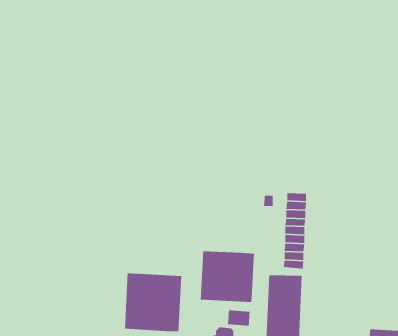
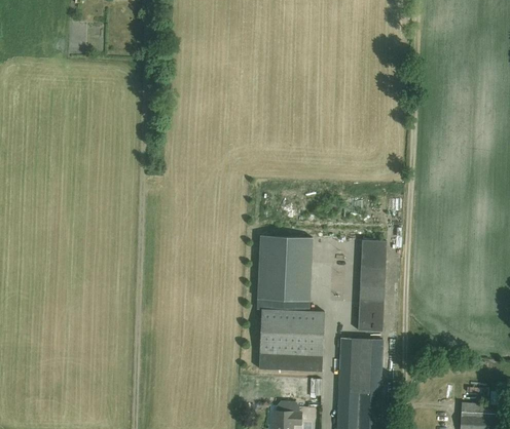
building: none -> [257,237,313,311]
building: [124,273,182,332] -> none

